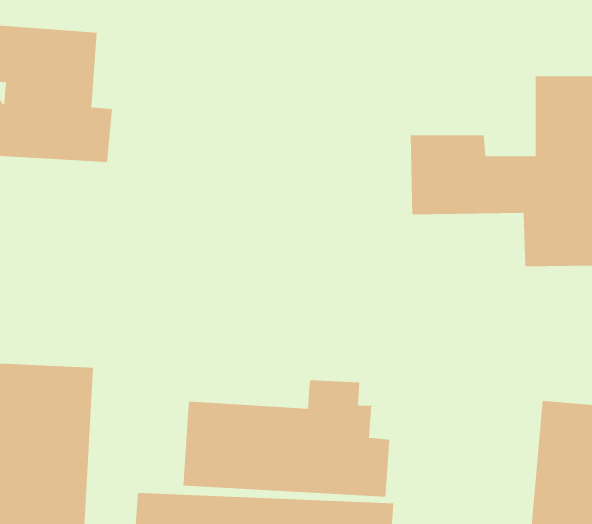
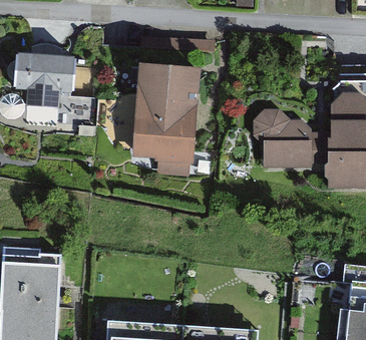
building: none -> [114,63,207,175]
building: [183,380,390,497] -> none

